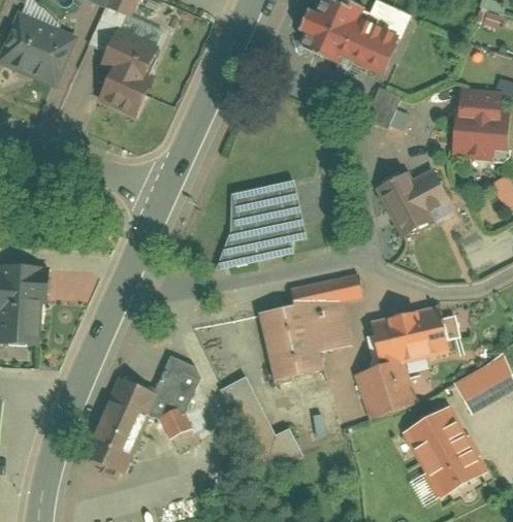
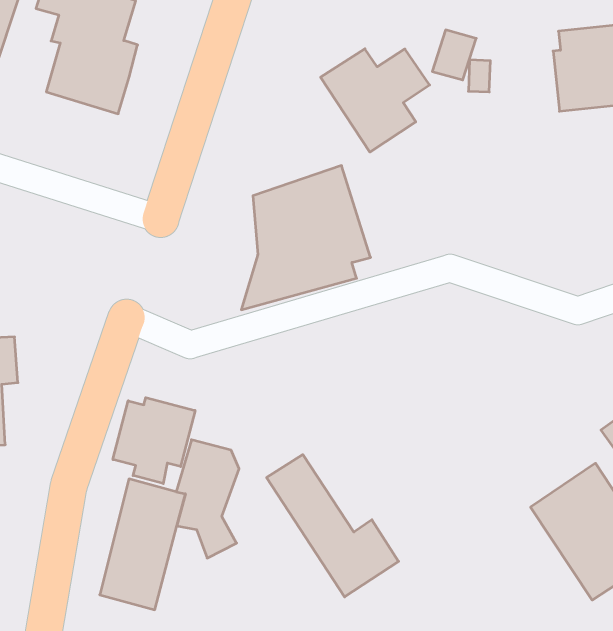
building: [370,170,445,242] -> [321,49,430,152]
building: [259,273,361,385] -> none
building: [353,302,450,421] -> none
building: none -> [113,398,195,484]

